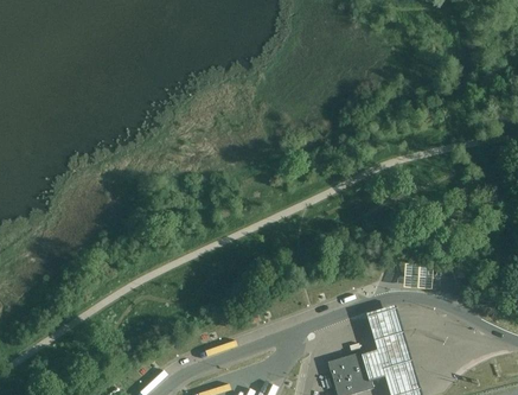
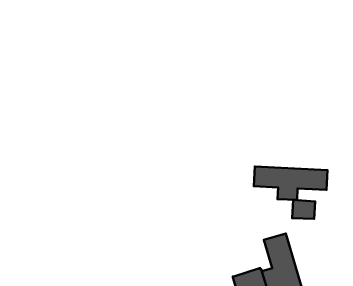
building: none -> [254,166,327,200]

